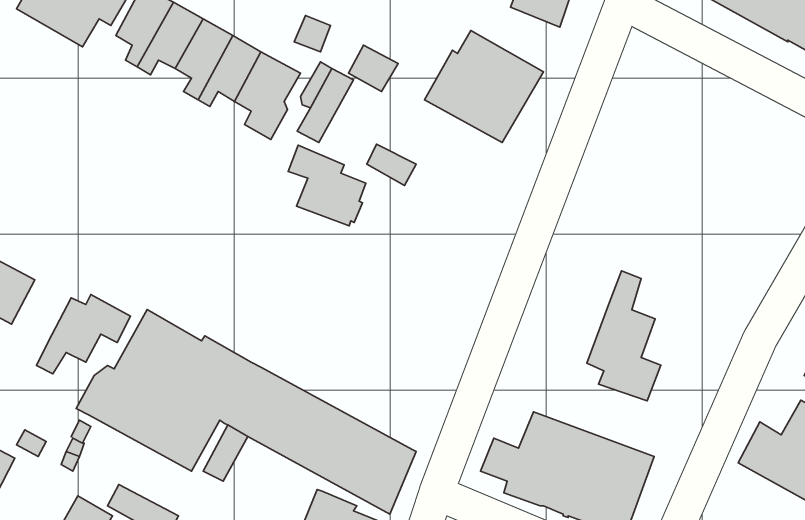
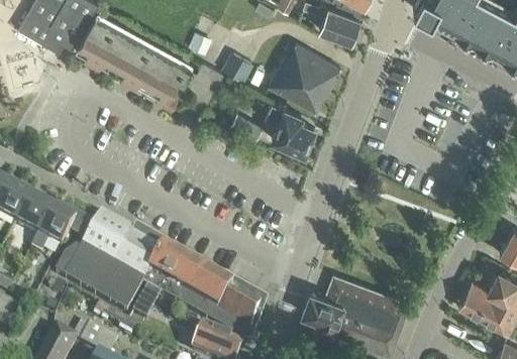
building: [288,145,366,226] -> [267,102,314,151]
building: [587,271,661,401] -> none
building: none -> [15,195,51,233]

